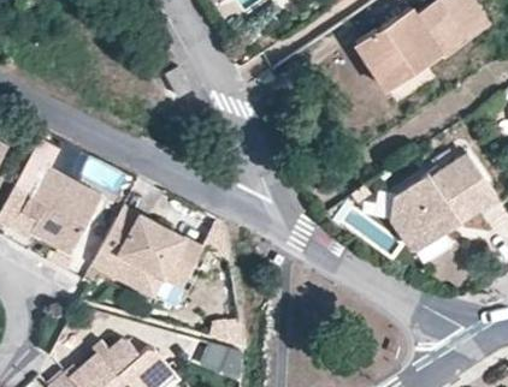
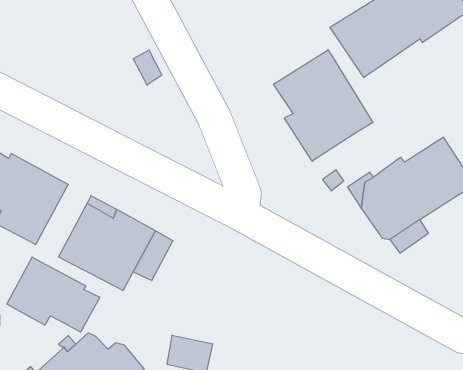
building: none -> [274,50,373,161]
building: none -> [7,257,100,332]

